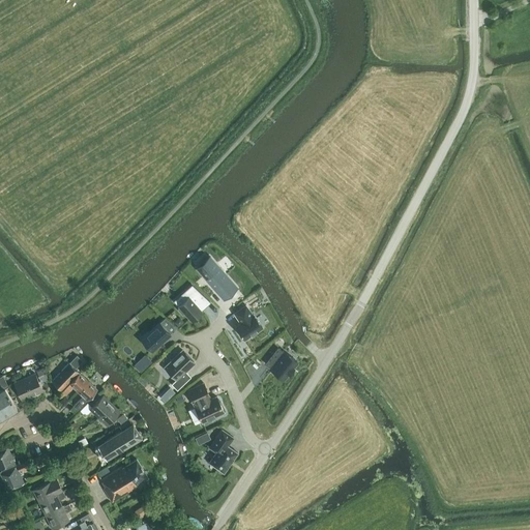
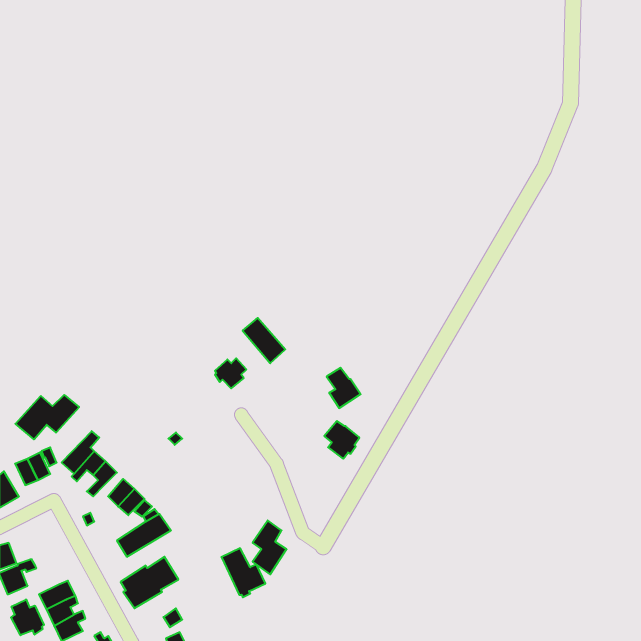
building: [233,306,261,340] -> [327,368,361,408]
building: [140,323,169,352] -> none
building: none -> [15,395,79,439]
building: [164,351,194,390] -> none
building: [186,384,223,424] -> [221,548,265,597]
building: none -> [11,599,44,635]

